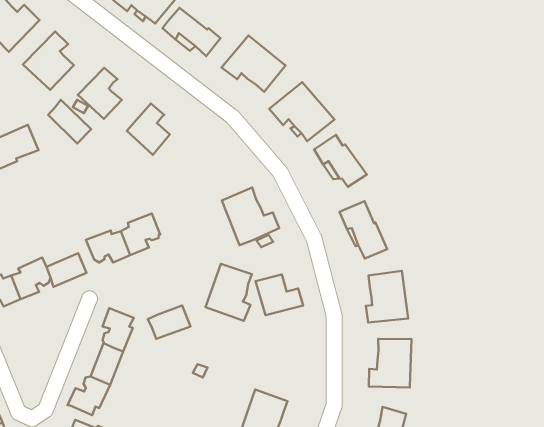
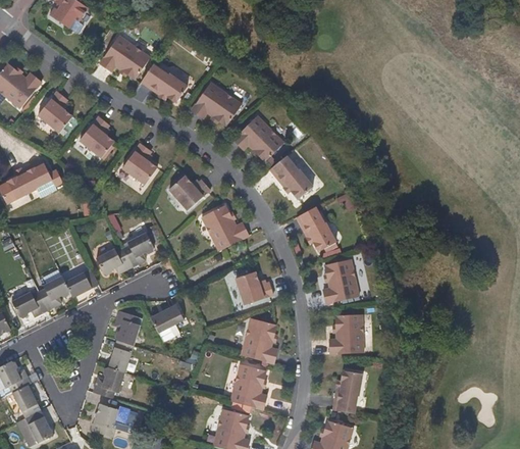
building: [48,100,91,144] -> none
building: none -> [167,176,210,204]
building: [206,264,252,321] -> [243,319,278,363]

